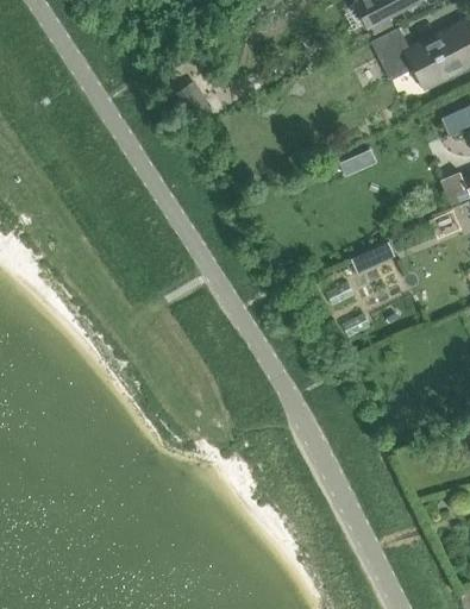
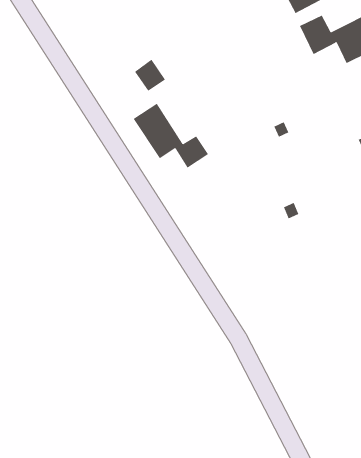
building: none -> [133,103,209,169]

